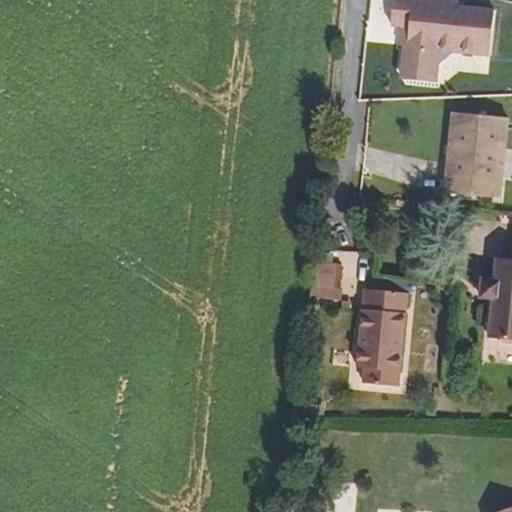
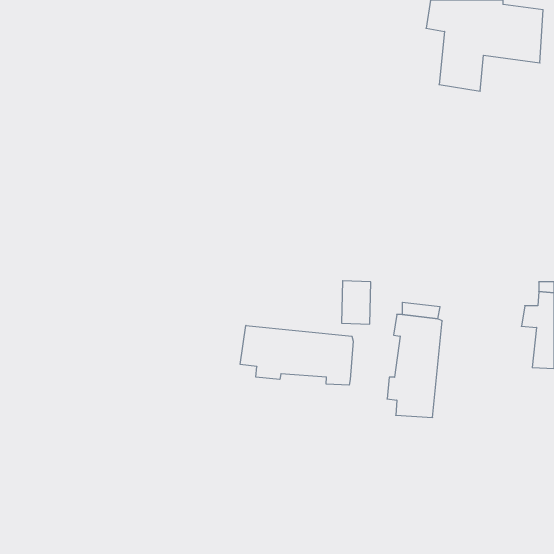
building: [442,111,506,197] -> none
building: none -> [240,325,353,385]

